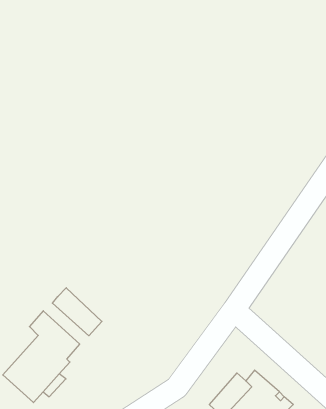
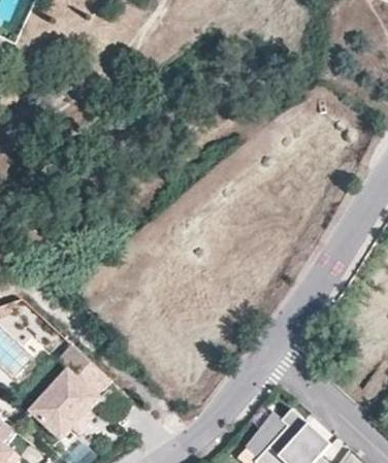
building: [52,288,102,336] -> none

